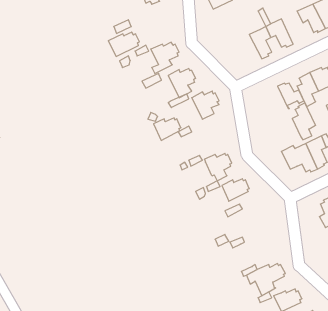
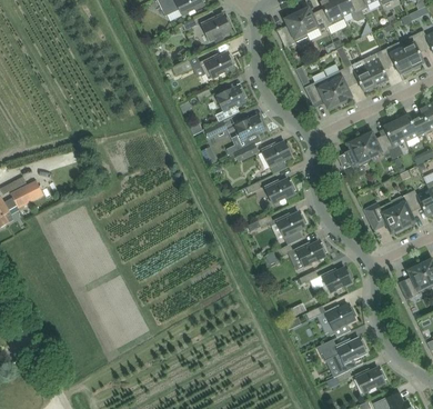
building: none -> [363,50,387,88]
building: [108,32,139,56] -> [200,52,235,80]
building: none -> [304,77,341,109]
building: [292,103,316,140] -> [344,136,371,178]
building: [154,118,181,140] -> [264,179,295,205]
building: none -> [321,267,353,292]
building: none -> [324,305,356,337]

